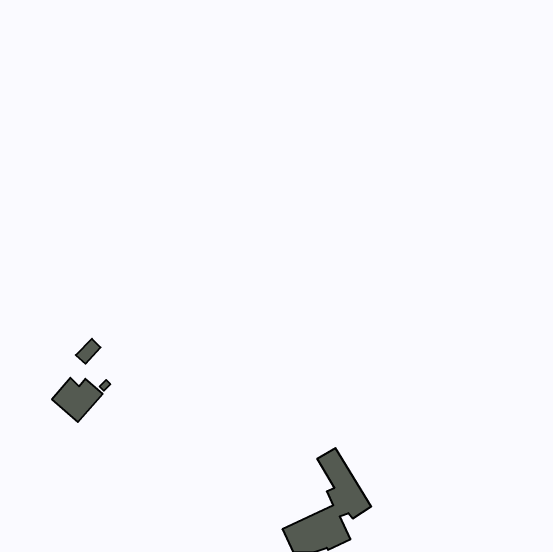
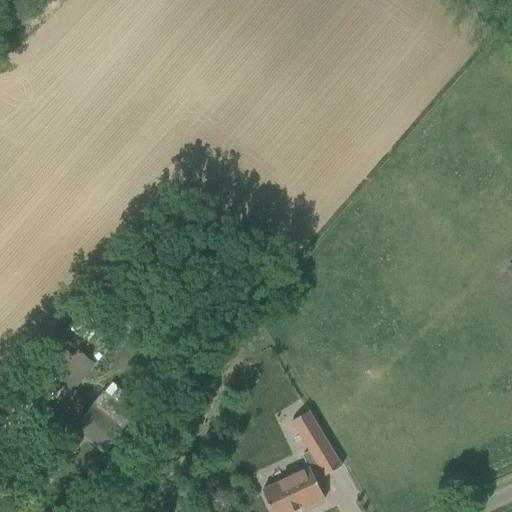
building: none -> [79,392,136,450]

